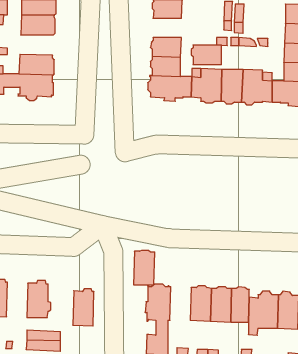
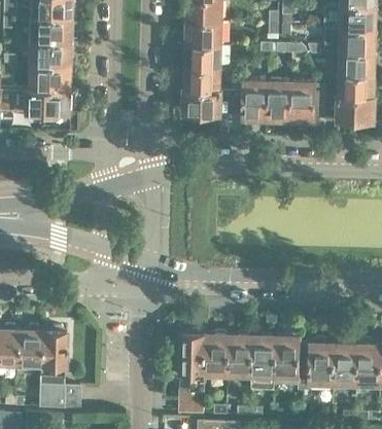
building: none -> [32,41,73,65]
building: [191,45,221,65] -> [185,22,220,44]
building: [134,250,155,285] -> [207,333,232,373]
building: [73,289,94,326] -> [16,327,41,370]

